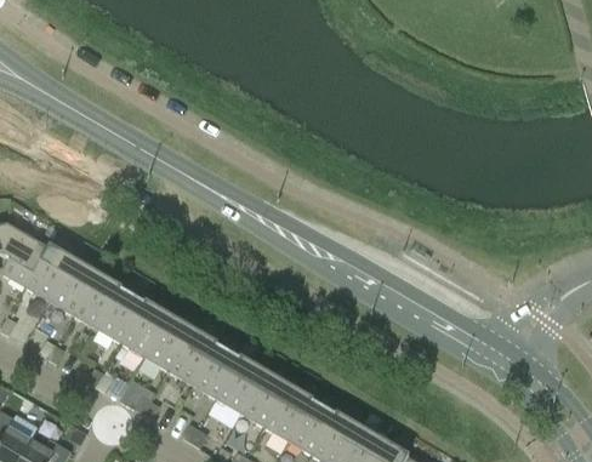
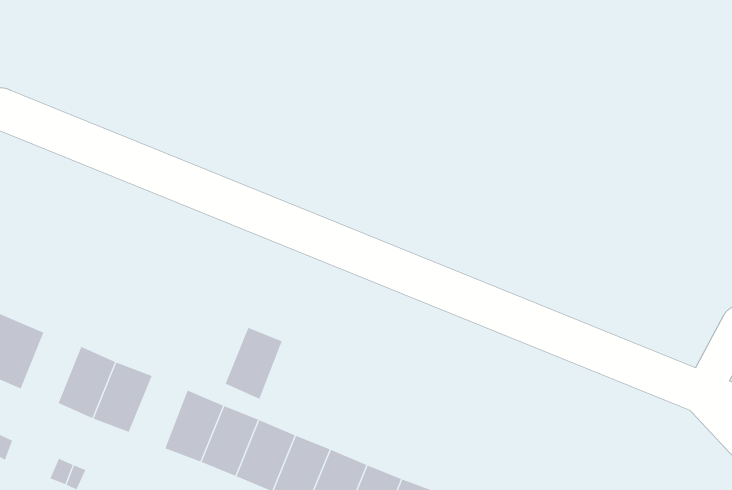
building: [27,249,73,300] -> none
building: [98,290,143,342] -> [225,327,283,400]

